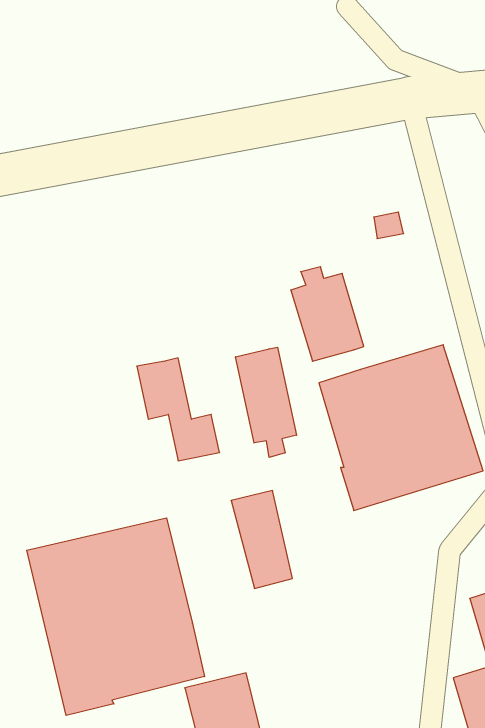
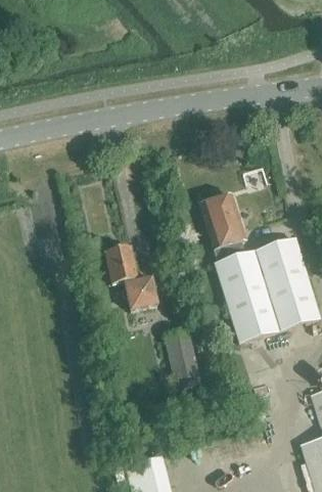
building: [236,347,297,457] -> none
building: [27,518,205,715] -> none

